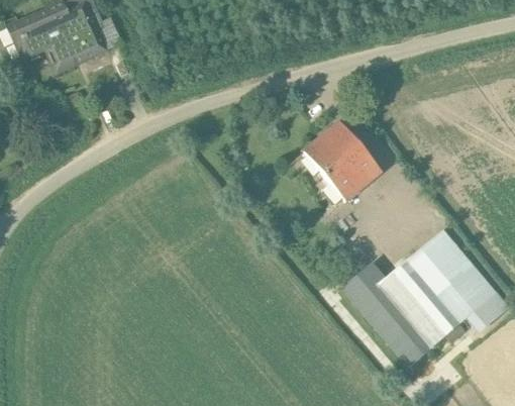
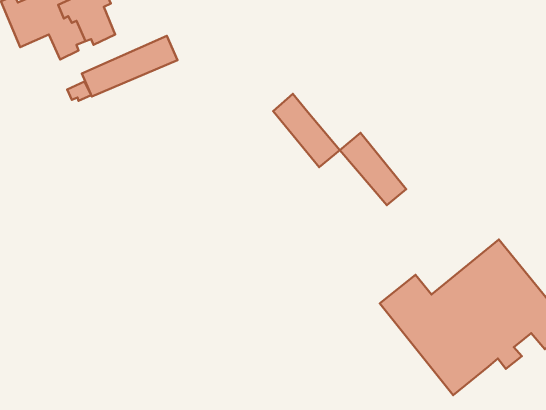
building: none -> [82,36,177,96]
building: [322,120,381,185] -> [273,94,340,167]

